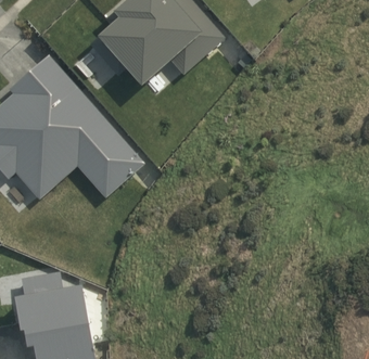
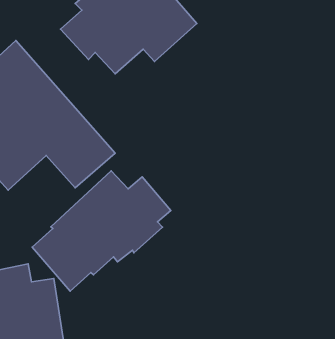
building: none -> [32,171,171,291]

